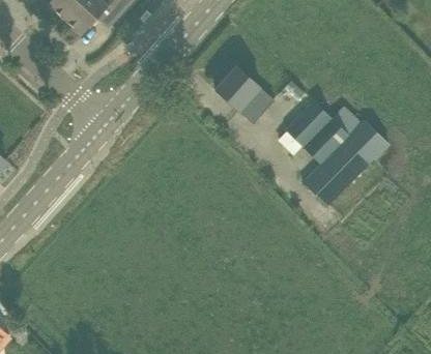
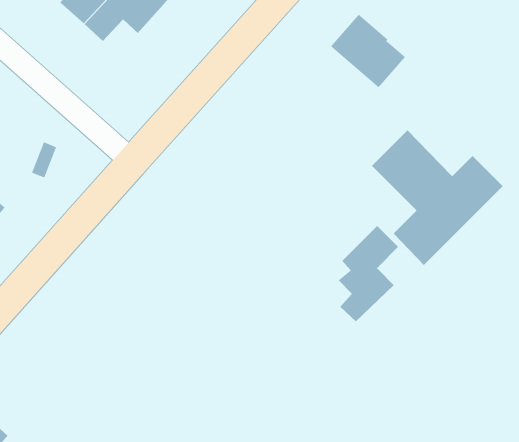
building: [214,65,272,122] -> [330,14,406,88]
building: none -> [338,225,399,322]

